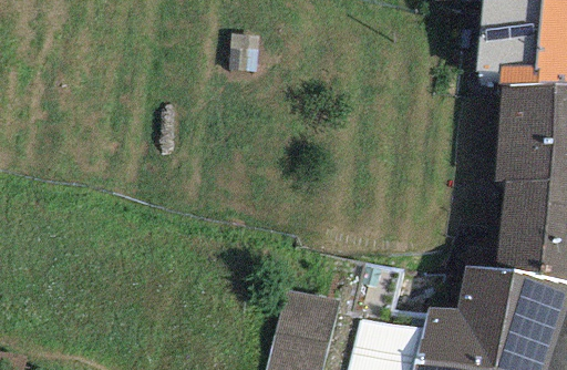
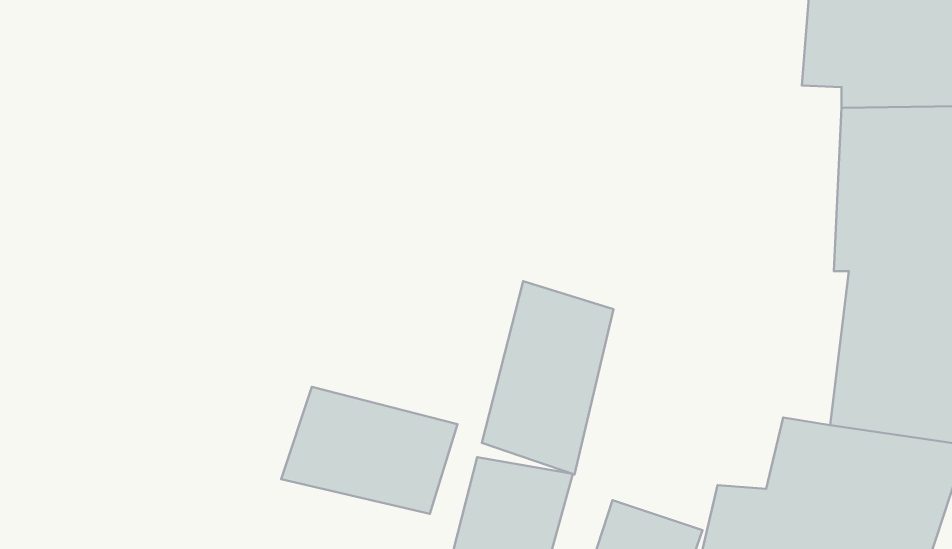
building: none -> [482,281,614,475]
building: none -> [281,387,457,514]

